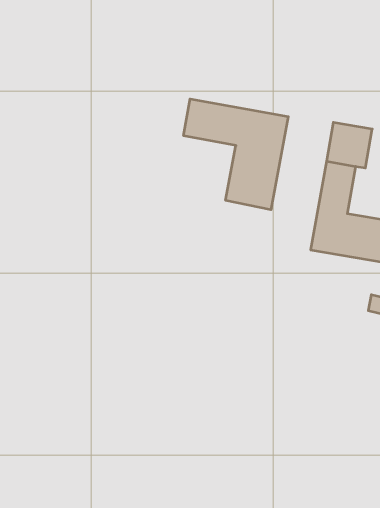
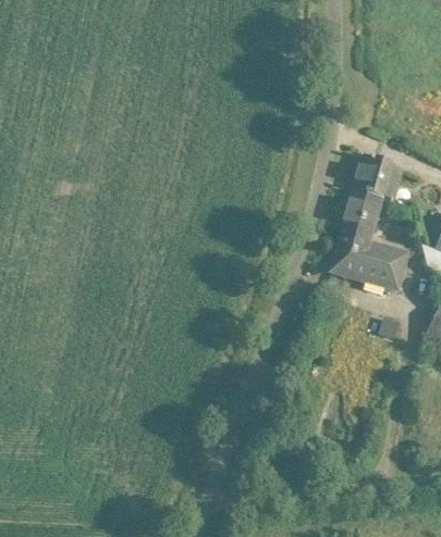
building: [184,99,288,210] -> none

